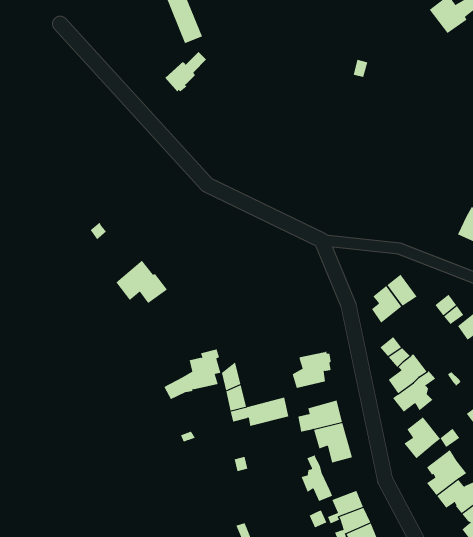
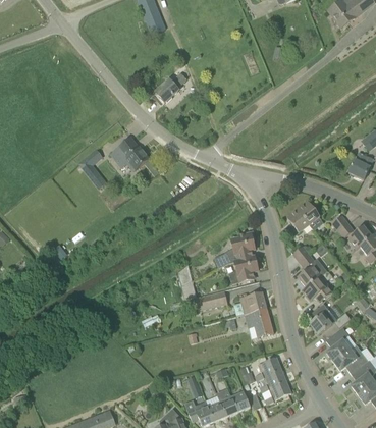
building: [165,51,207,92] -> [156,72,186,102]
building: [115,260,168,304] -> [111,138,149,169]
building: [163,349,221,400] -> [213,231,255,268]
building: [301,455,333,502] -> none

